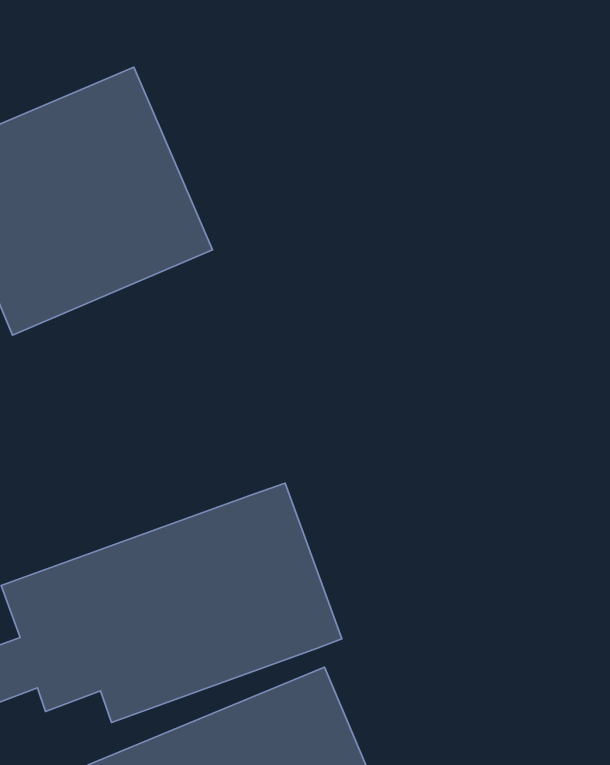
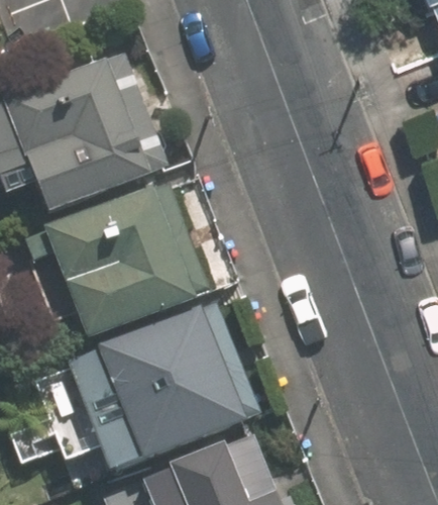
building: none -> [48,185,202,336]

